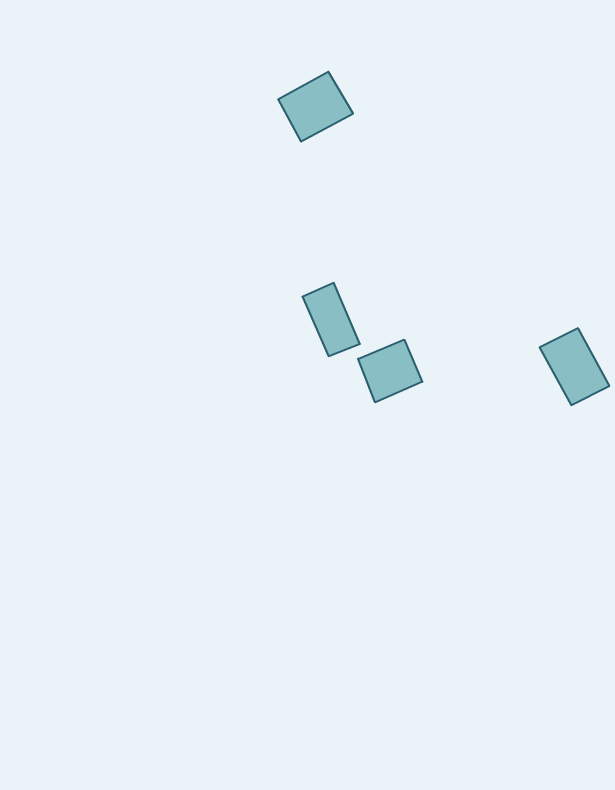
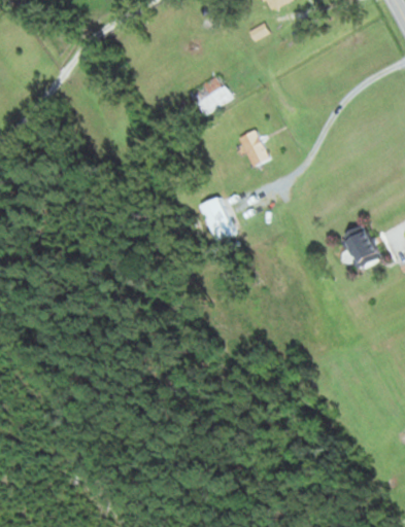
building: none -> [239,131,268,167]
building: [358,340,422,402] -> none

